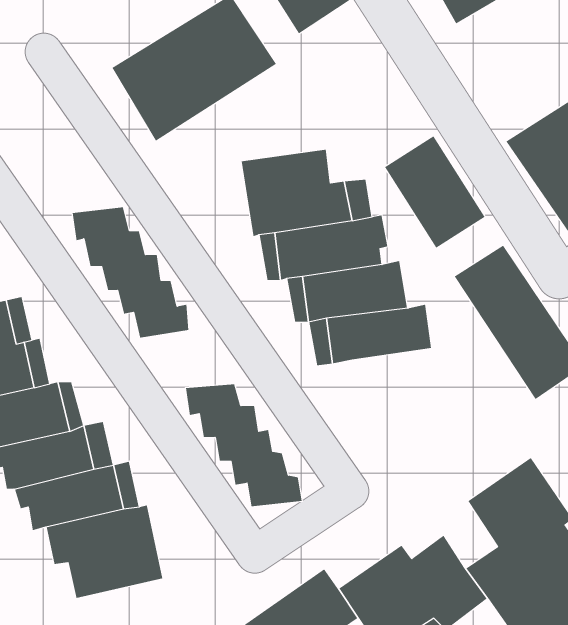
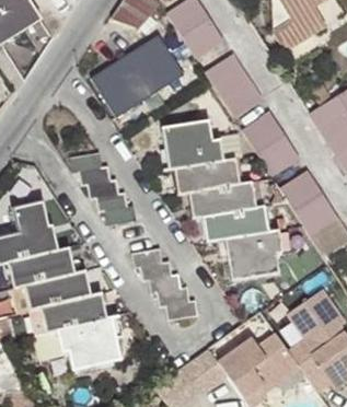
building: none -> [204,54,262,116]
building: none -> [224,229,282,279]

